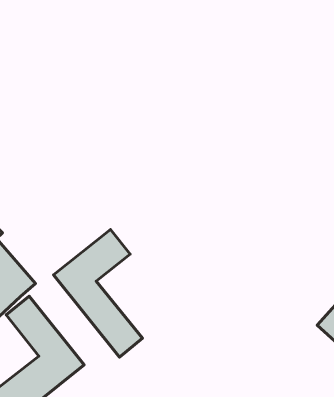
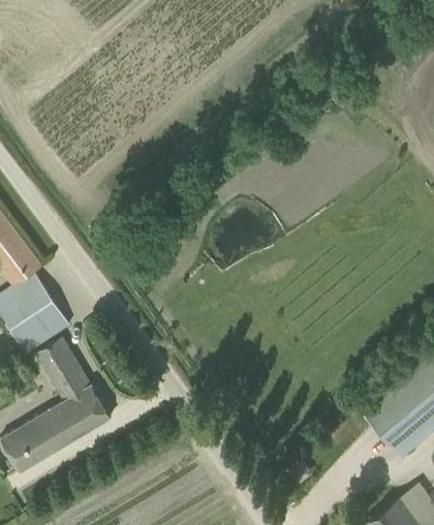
building: [54,229,143,357] -> none

